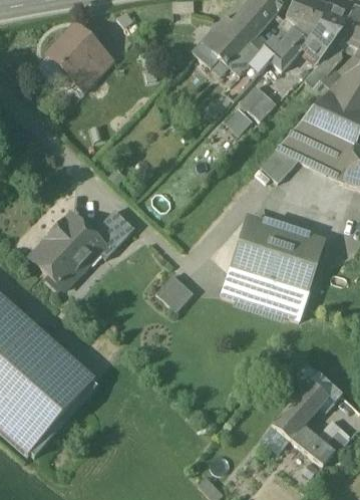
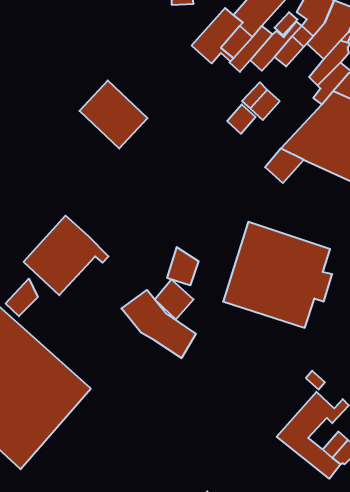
building: [48,24,113,89] -> [79,80,148,149]
building: [93,209,134,251] -> none
building: none -> [167,247,199,285]
building: none -> [6,279,38,316]
building: none -> [121,290,196,358]

